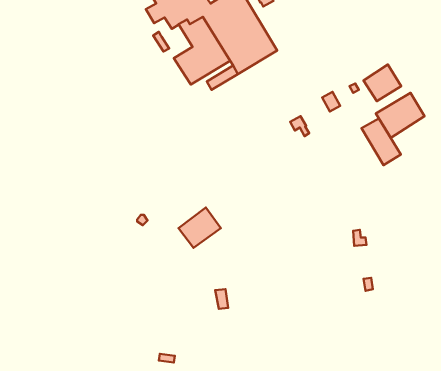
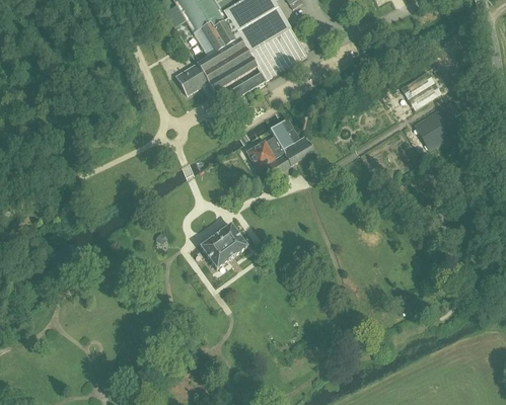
building: none -> [174,64,207,95]
building: none -> [246,117,313,176]
building: [361,118,401,165] -> none

